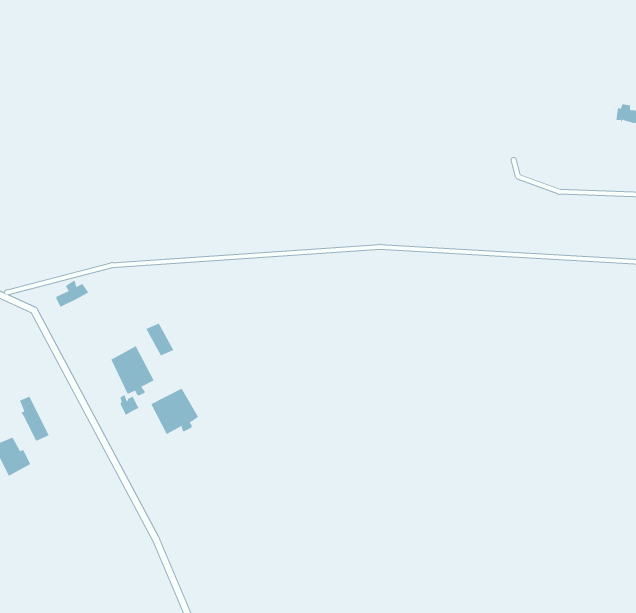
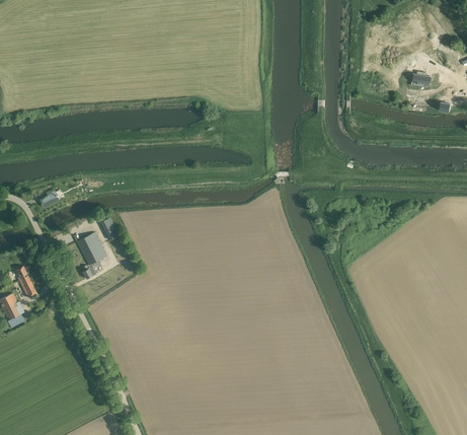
building: [151,388,199,435] -> none

